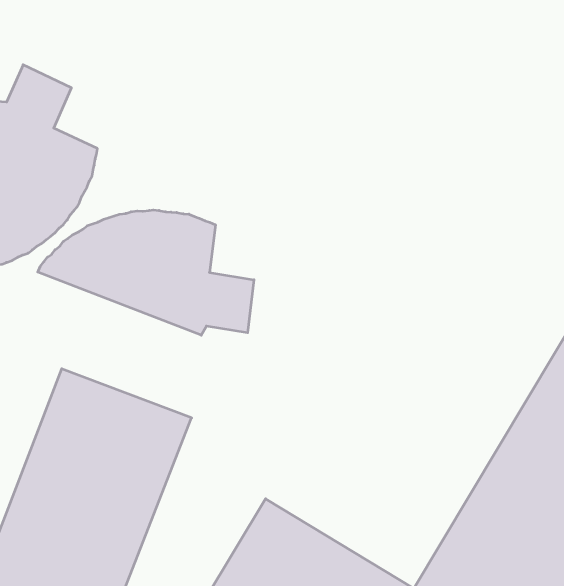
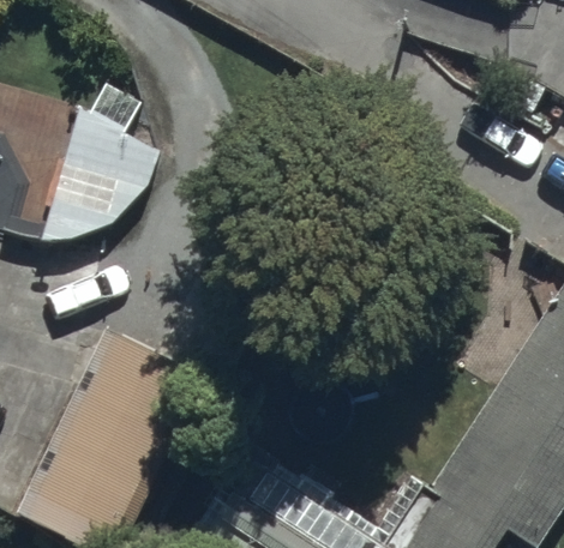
building: [38,210,254,335] -> none

